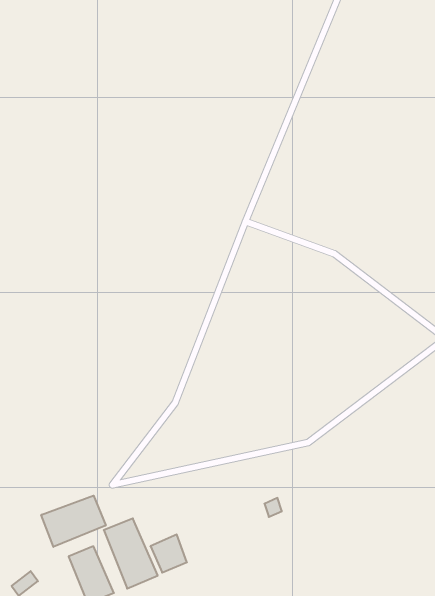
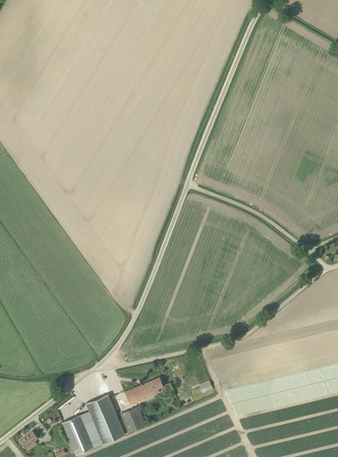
building: none -> [124,378,162,401]
building: [41,496,106,547] -> none

